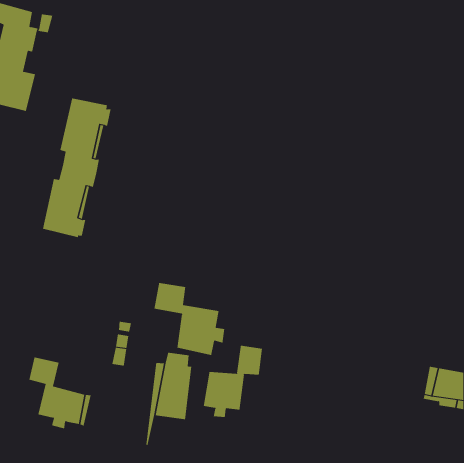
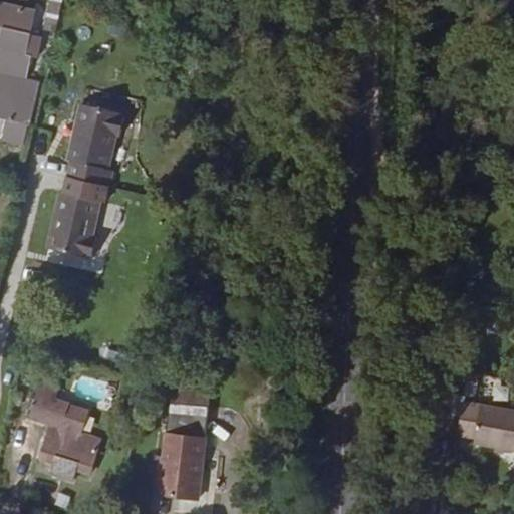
building: [154,282,225,356] -> none
building: [203,345,263,418] -> none
building: none -> [163,456,204,493]

